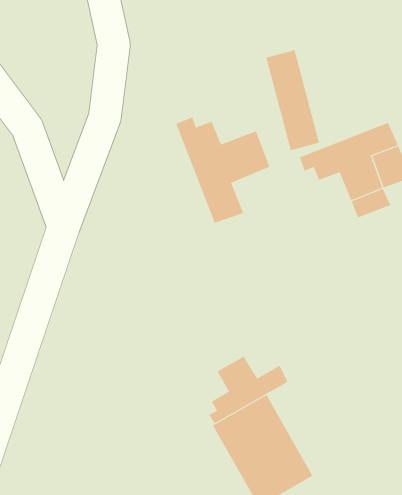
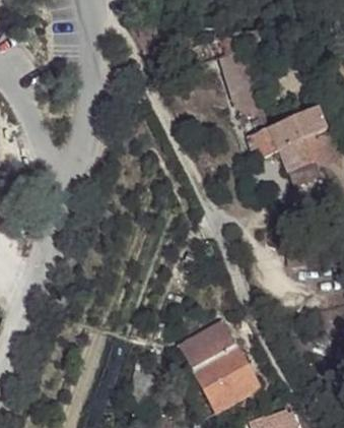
building: [176,117,270,223] -> none
building: [209,356,288,424] -> none

